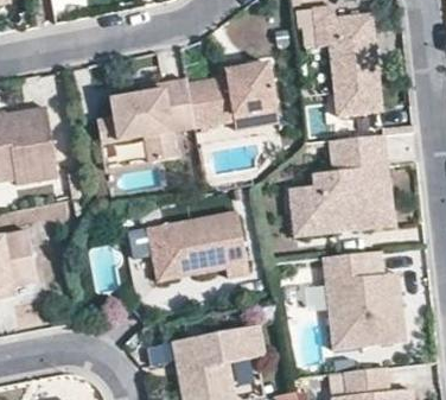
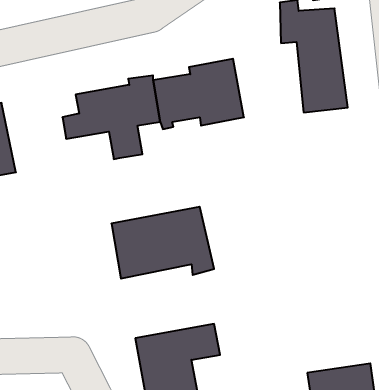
building: [289,133,395,236] -> none
building: [314,252,399,351] -> none

